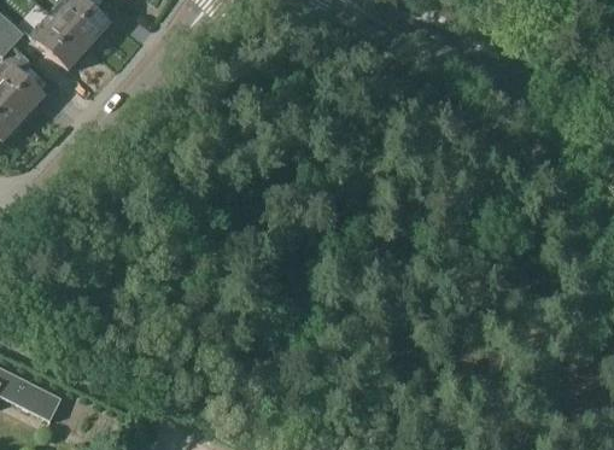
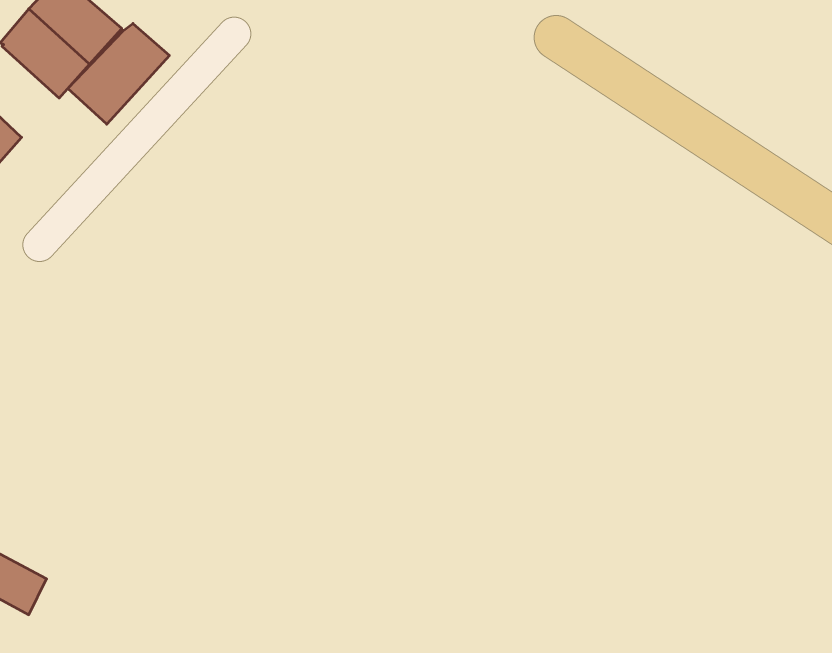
building: none -> [68,23,169,124]

